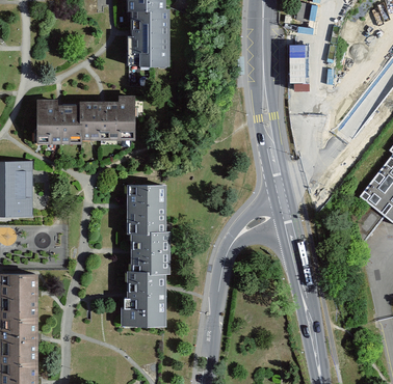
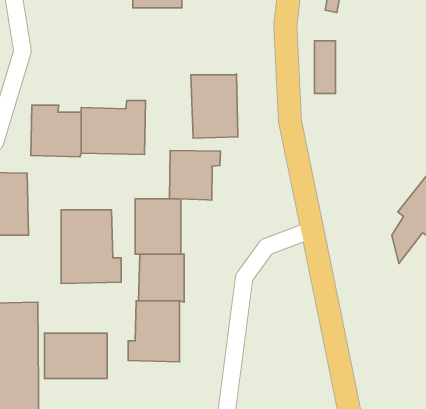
building: [128,12,169,70] -> [191,74,238,138]
building: none -> [169,150,220,200]
building: none -> [61,210,121,283]
building: none -> [45,333,107,379]

